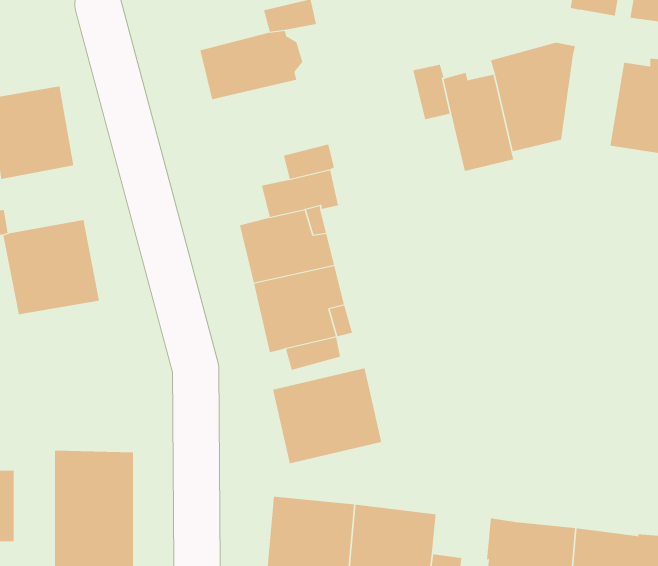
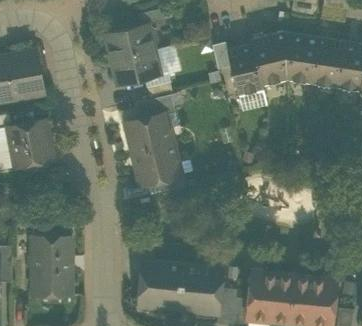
building: none -> [287,35,319,83]
building: none -> [111,50,162,86]
building: [272,367,382,464] -> none

